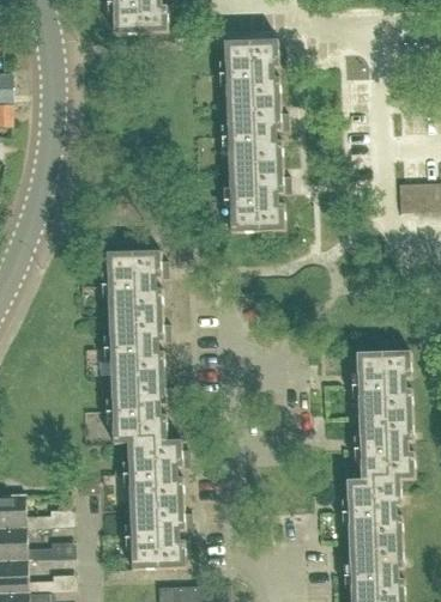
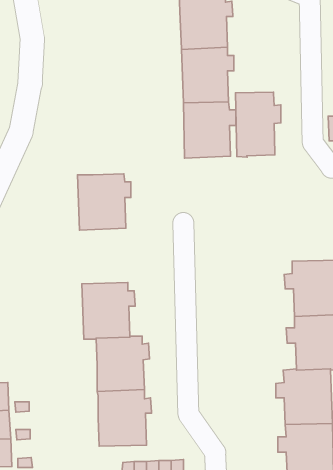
building: none -> [235,92,281,157]
building: [107,315,169,379] -> none

